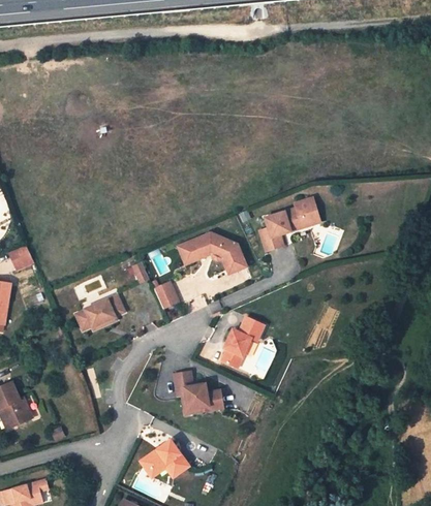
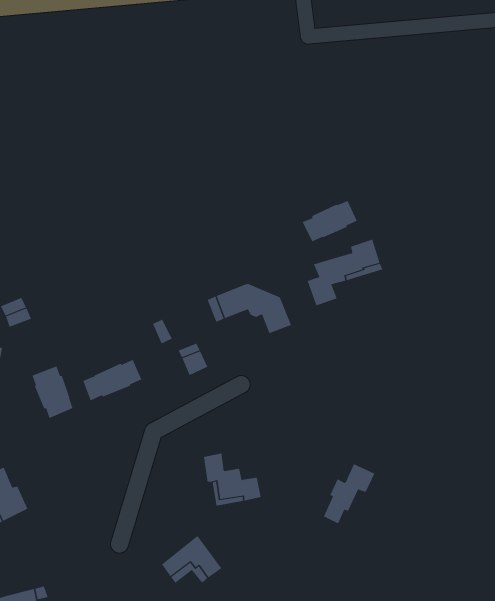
building: none -> [302,200,357,242]
building: none -> [32,365,73,419]
building: [221,316,264,366] -> [323,463,375,524]

